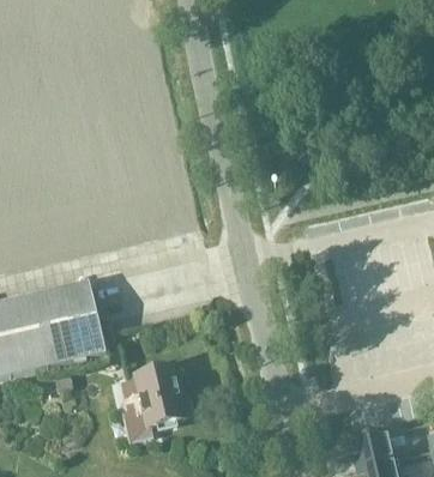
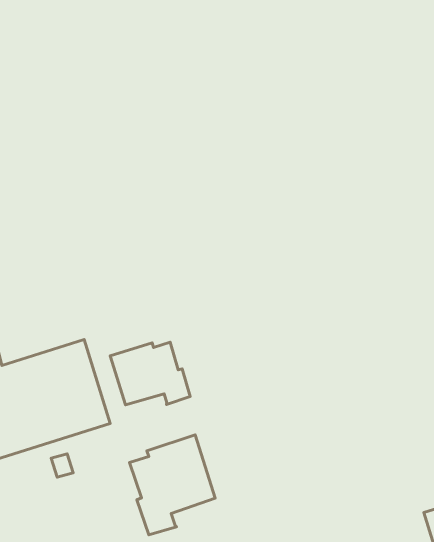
building: none -> [110,342,190,405]

